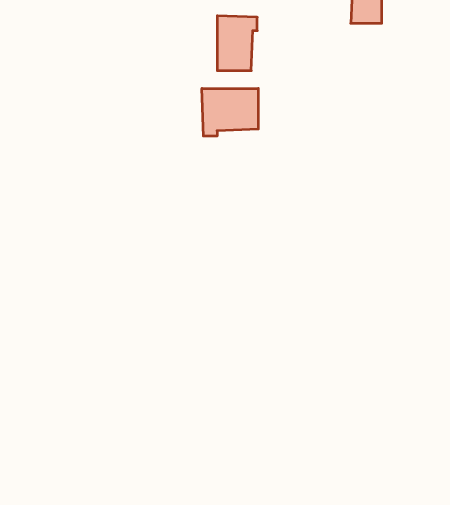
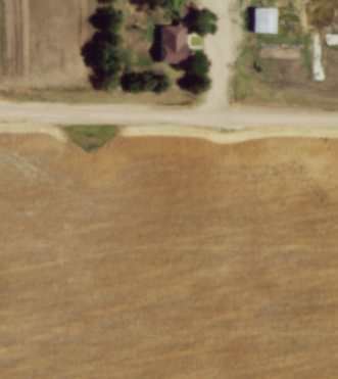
building: [202,88,258,136] -> none

